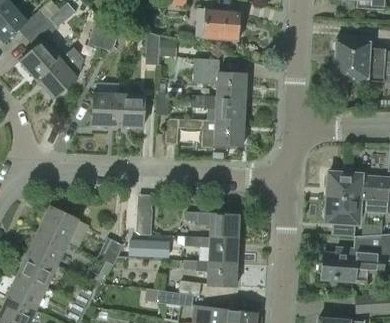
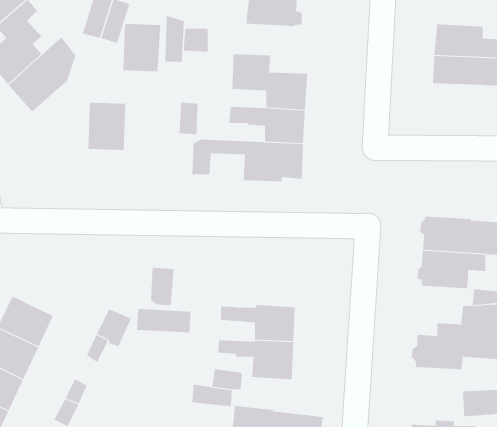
building: [118,94,145,128] -> [123,24,161,72]
building: [39,206,79,243] -> none
building: [186,209,240,237] -> none

